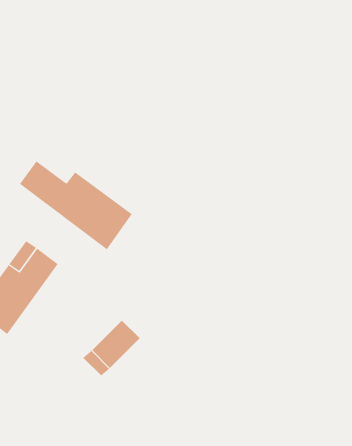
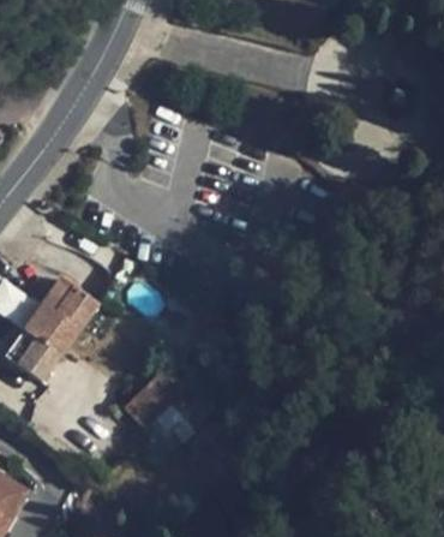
building: [19,160,133,250] -> none

